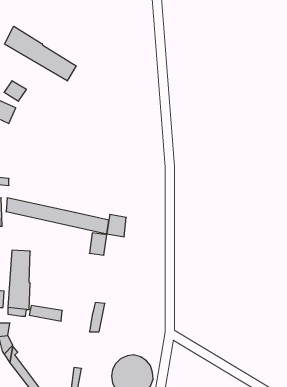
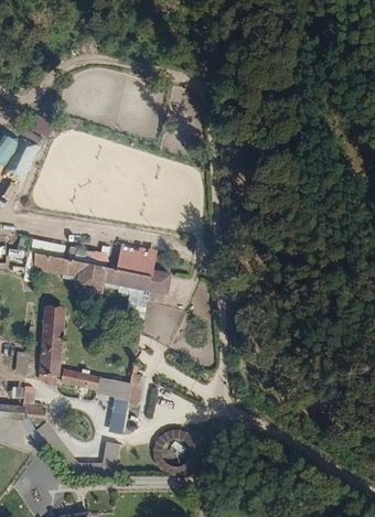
building: [4,26,76,81] -> none
building: none -> [111,241,154,274]
building: none -> [96,377,131,433]

